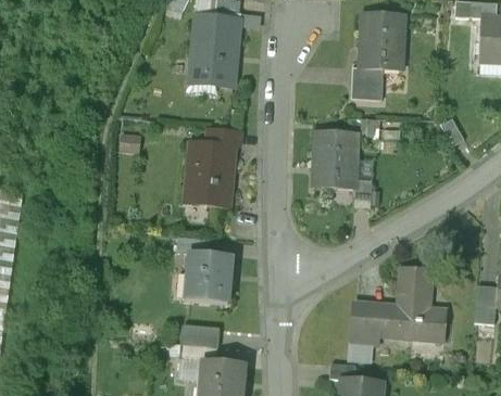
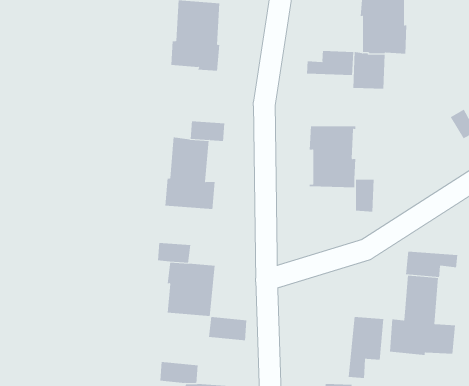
building: none -> [306,50,354,76]
building: none -> [406,251,458,278]
building: [181,325,216,347] -> [208,317,247,341]

